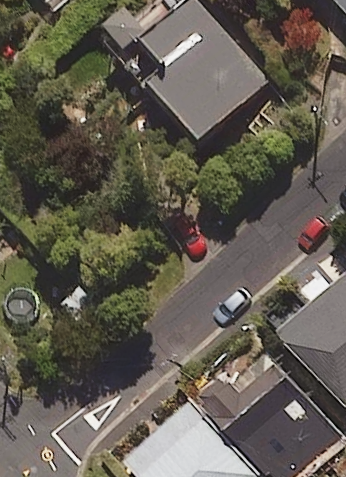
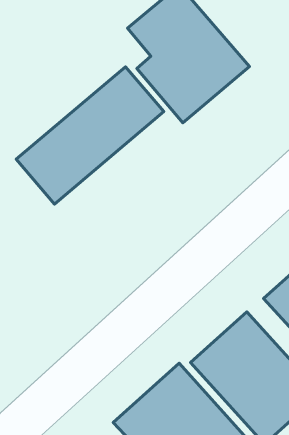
building: none -> [16,67,164,204]

